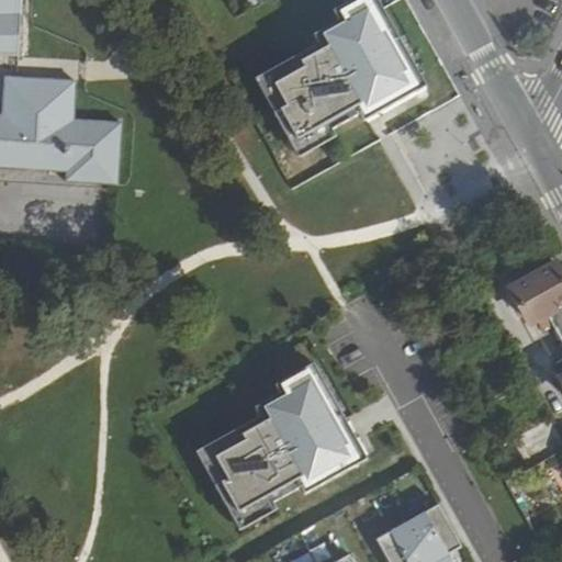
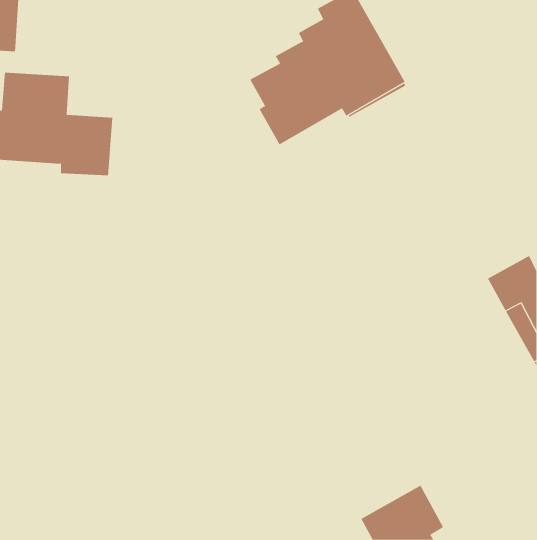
building: [204,364,367,520] -> none

